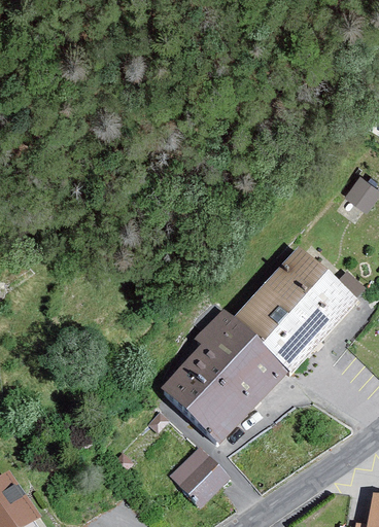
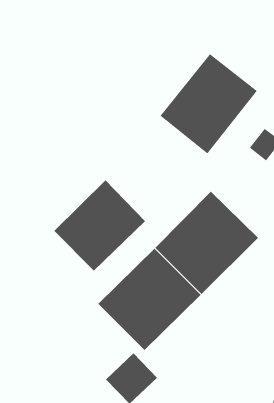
building: none -> [159,53,258,155]
building: none -> [54,180,146,271]

